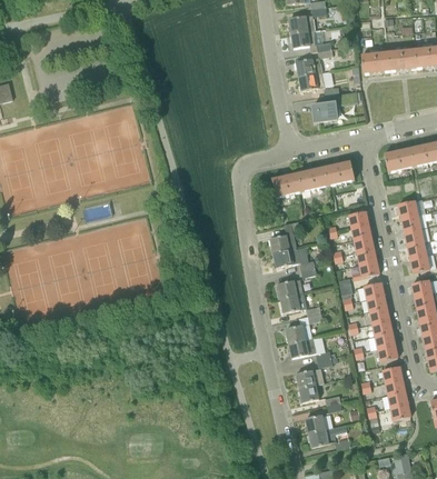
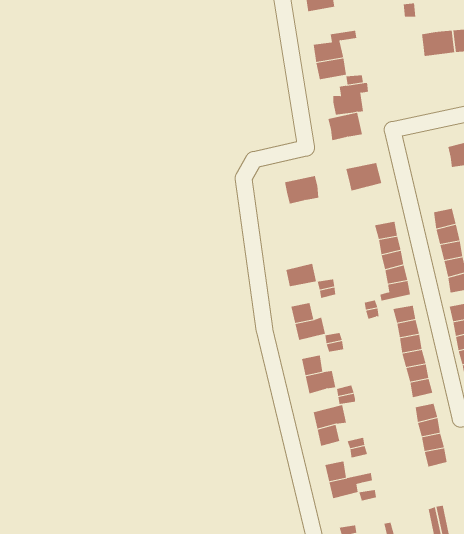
building: [291,29,332,52] -> none
building: [361,52,390,73] -> none
building: [384,148,414,172] -> none
building: [298,167,328,191] -> [328,112,363,141]
building: [270,220,306,252] -> none

